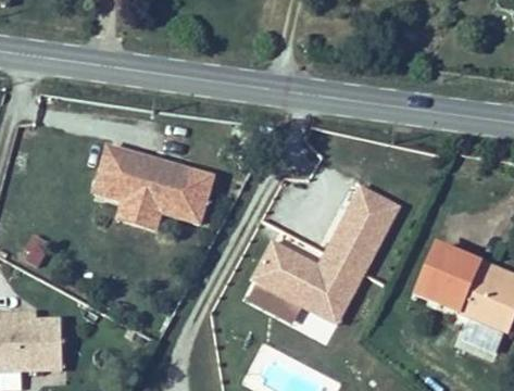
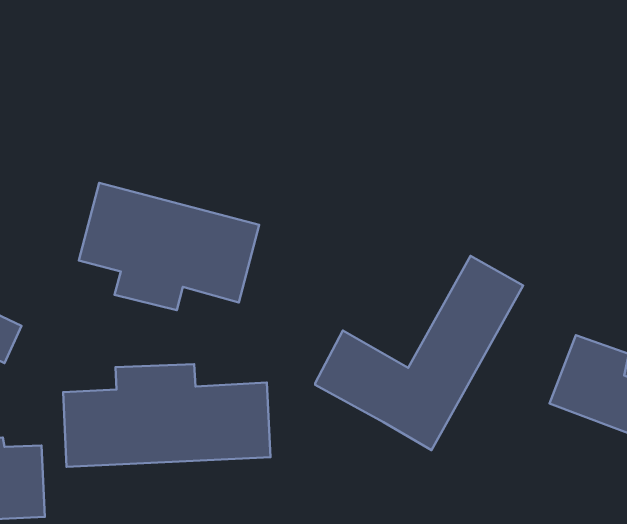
building: none -> [63,364,270,467]
building: [241,278,302,328] -> none

